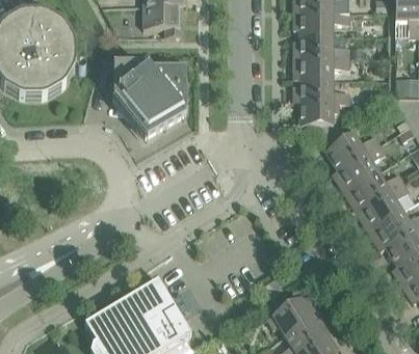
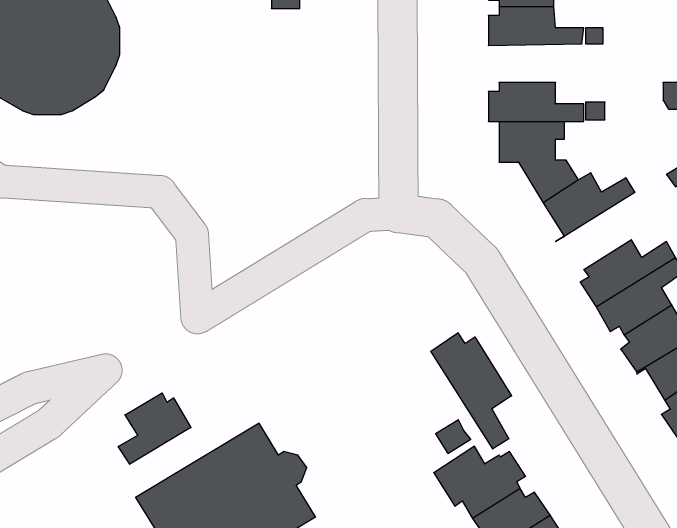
building: [293,56,349,79] -> none
building: [113,65,186,136] -> none
building: [333,143,386,189] -> none
building: none -> [431,333,512,449]
building: none -> [118,393,191,464]

